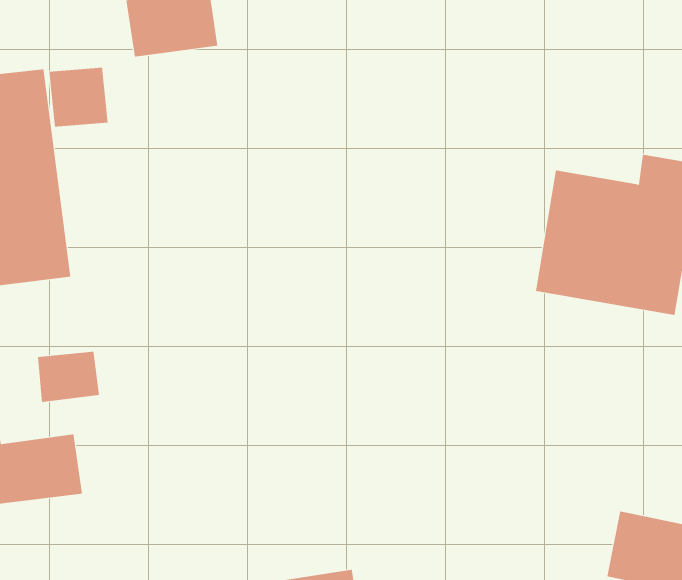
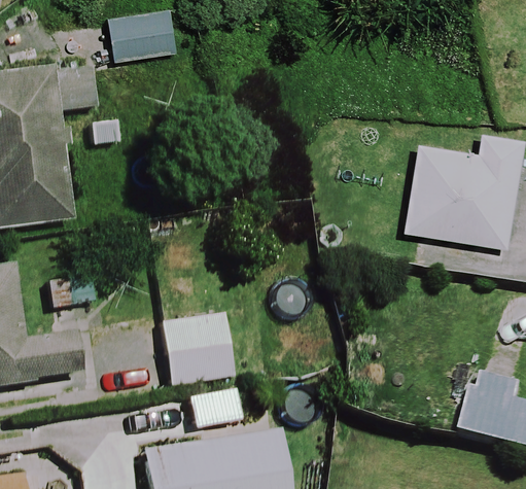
building: none -> [162,314,231,384]

